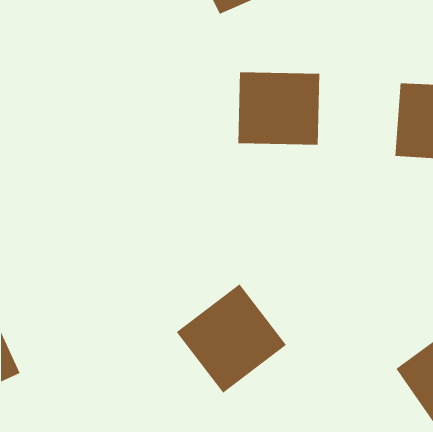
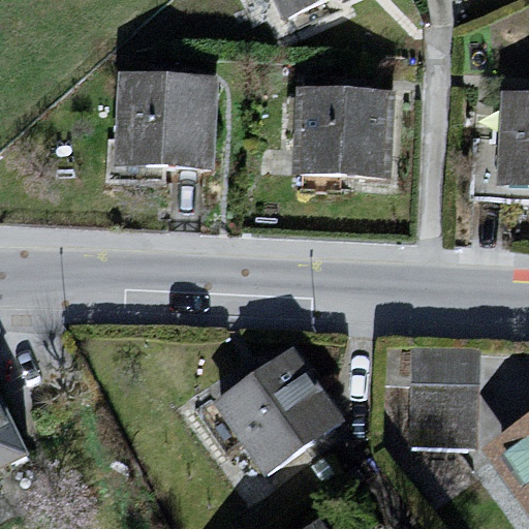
building: none -> [108,82,205,174]
building: none -> [419,333,485,435]

